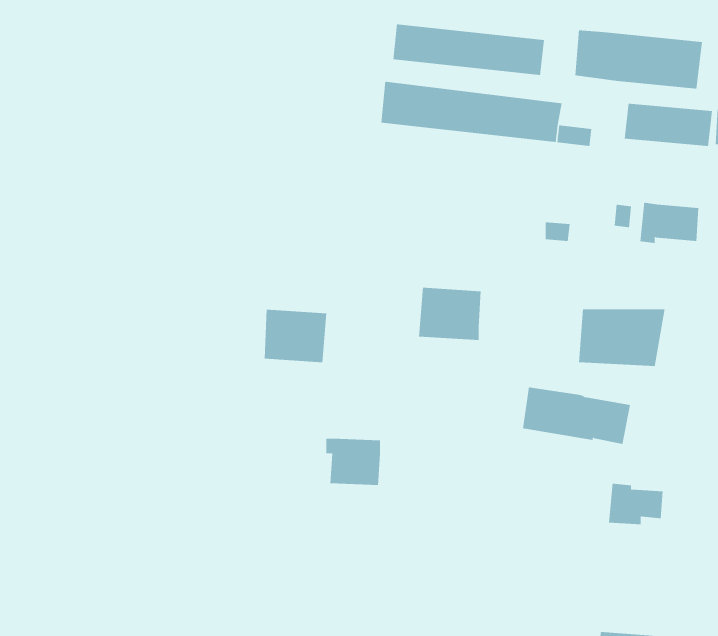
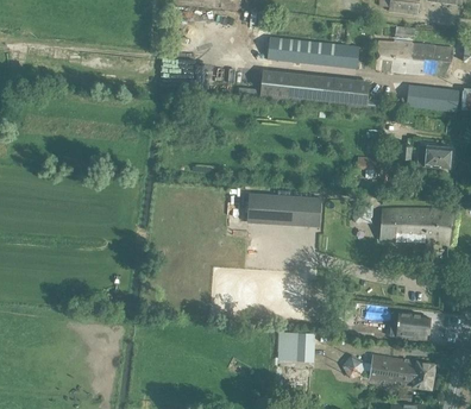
building: none -> [425,208,452,245]
building: [264,309,327,363] -> [246,193,284,225]
building: [522,387,631,444] -> [369,354,434,389]
building: [325,438,381,486] -> [278,332,312,360]

